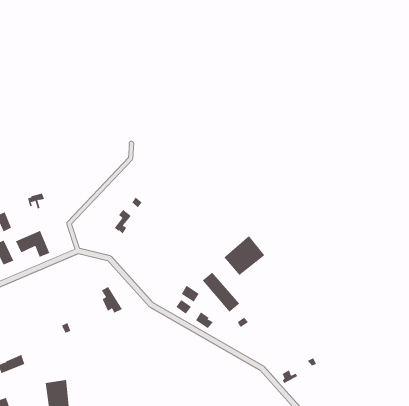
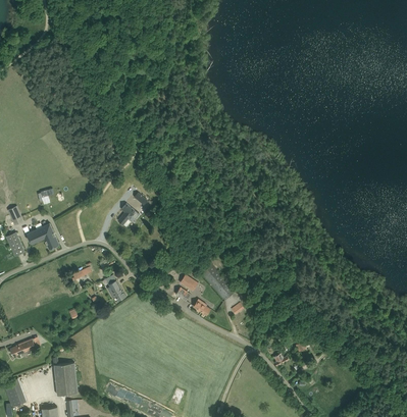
building: [224,235,265,276] -> none

